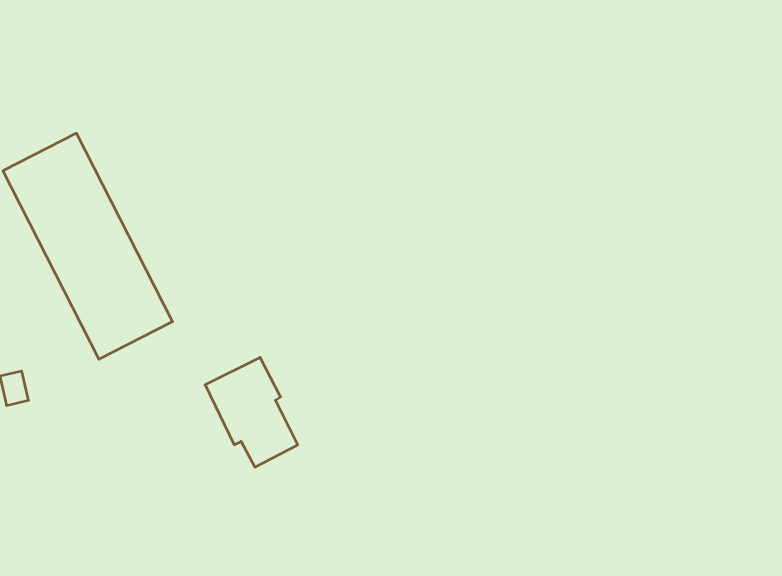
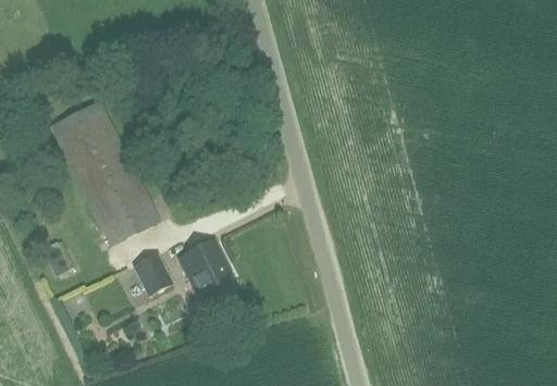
building: none -> [132,253,171,296]

